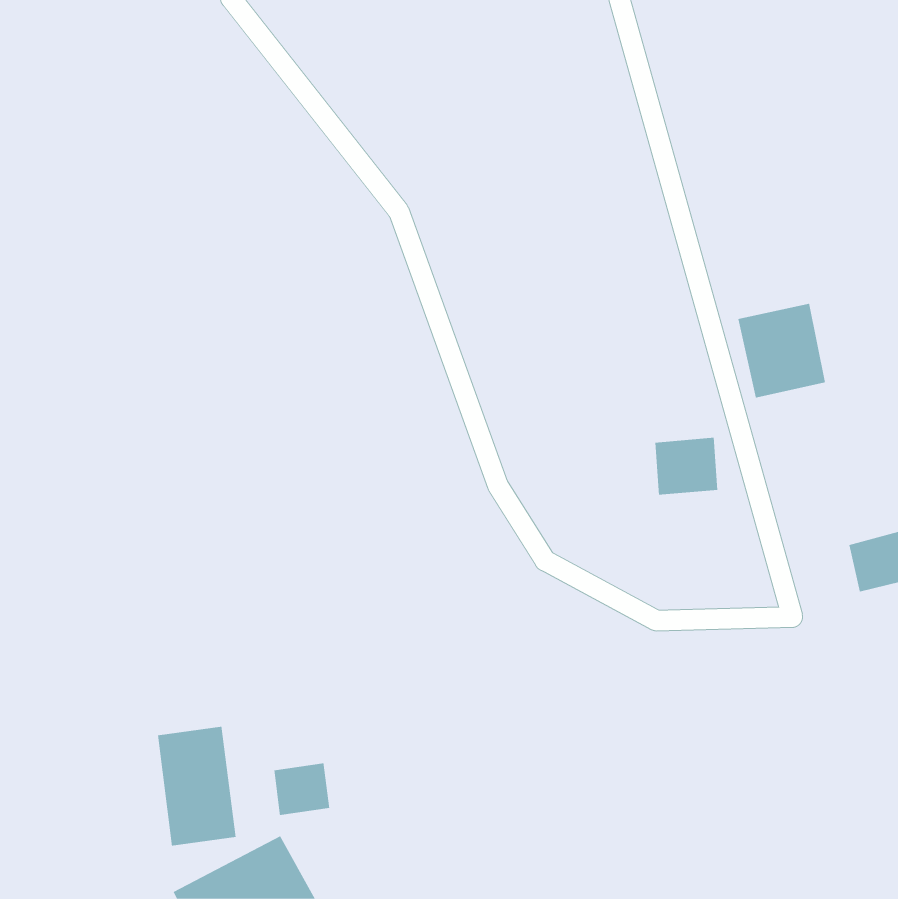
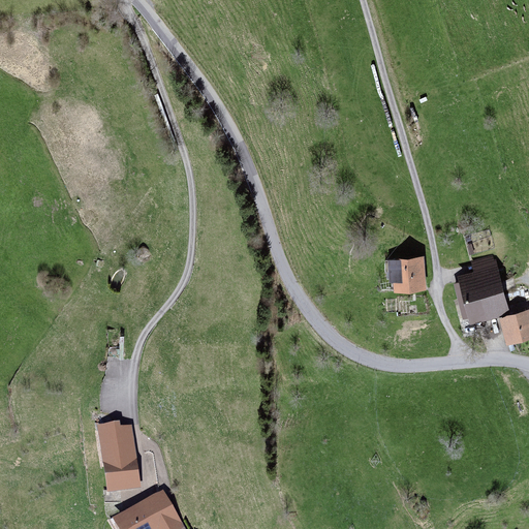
building: [738,303,826,398] -> [457,268,508,323]
building: [274,763,330,816] -> none

